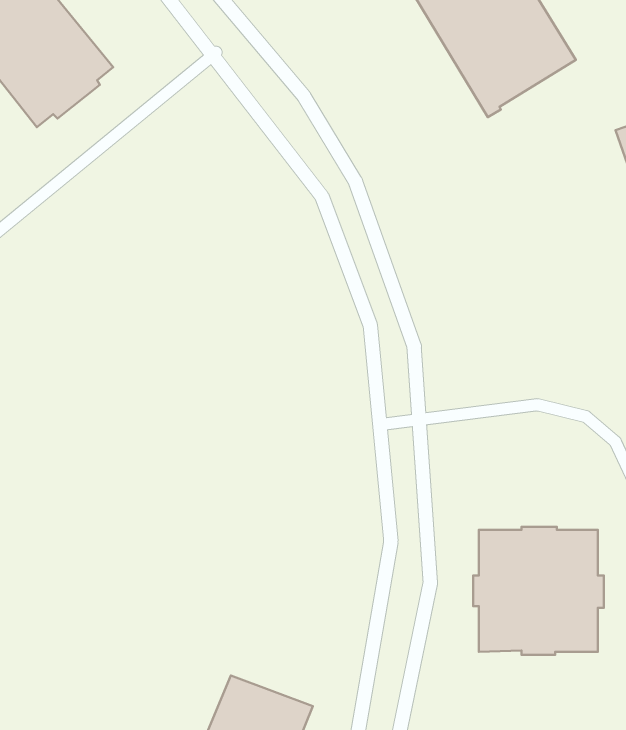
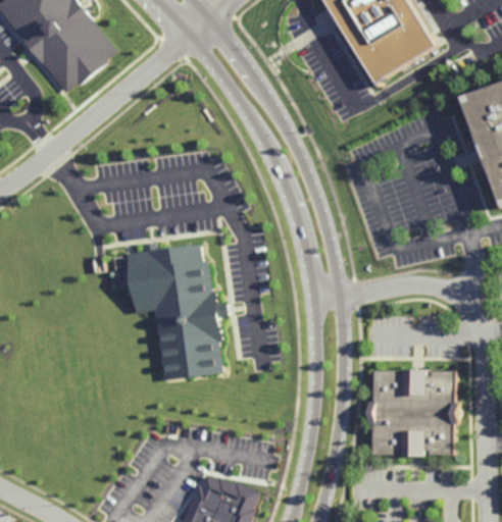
building: none -> [127,245,222,378]

